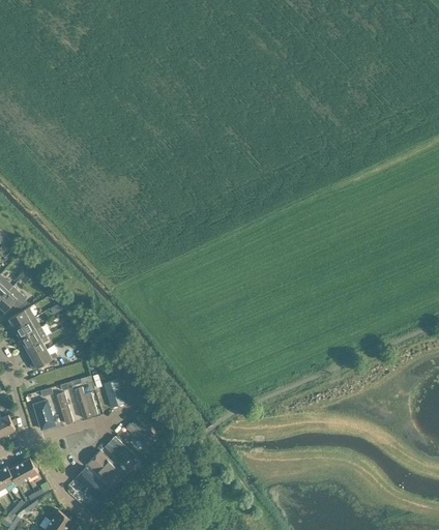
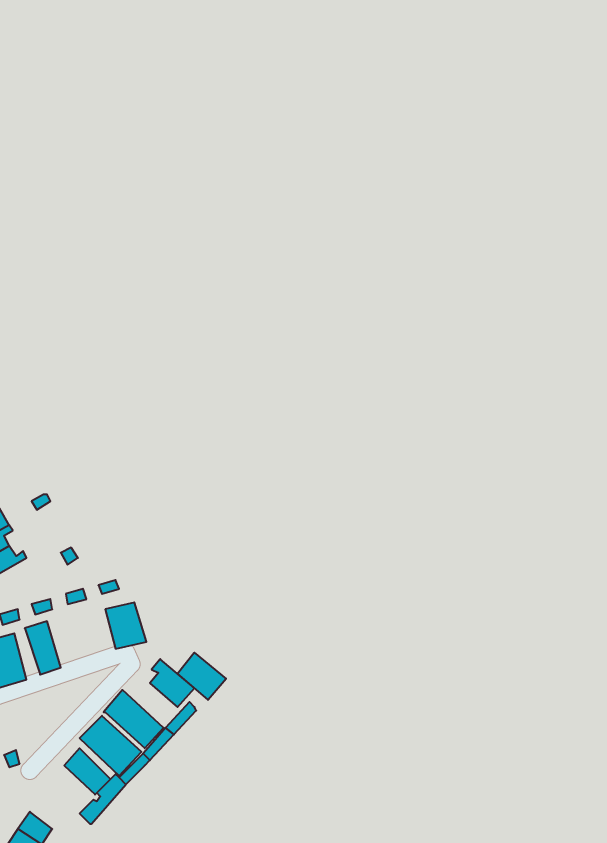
building: [74,388,98,423] -> none
building: none -> [178,653,226,700]

